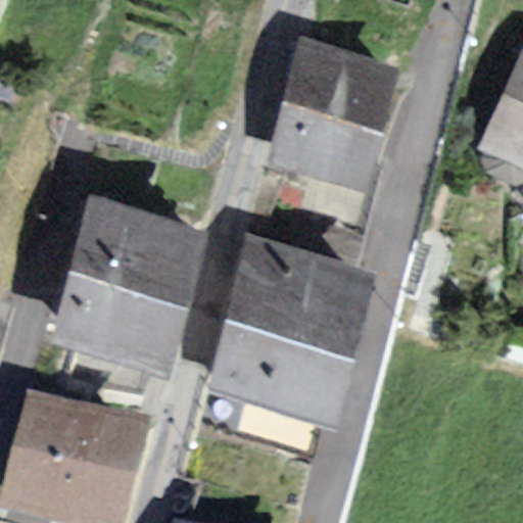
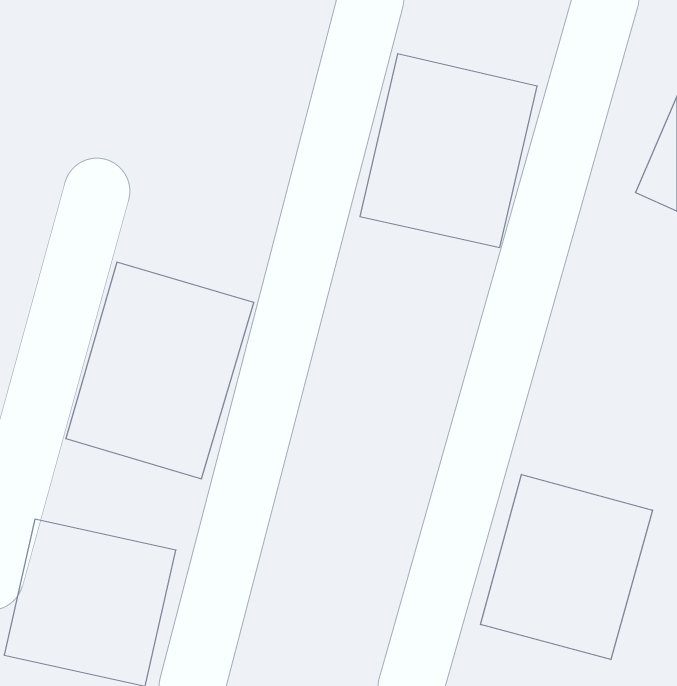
building: [207,241,360,415] -> none
building: none -> [481,474,653,660]

